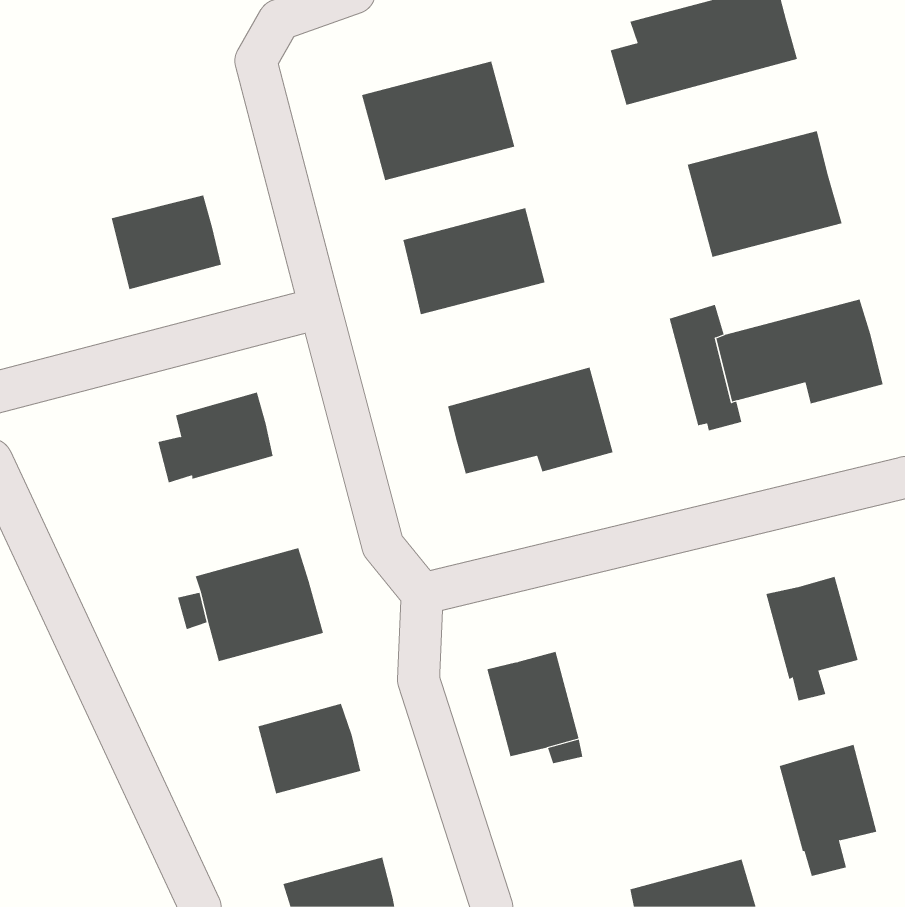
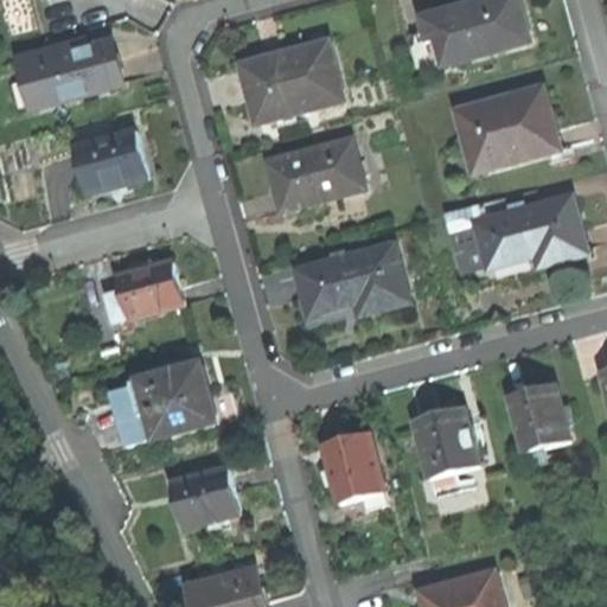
building: none -> [18,40,121,107]
building: [779,744,877,877] -> [414,405,479,493]

